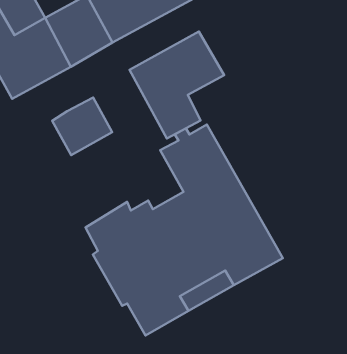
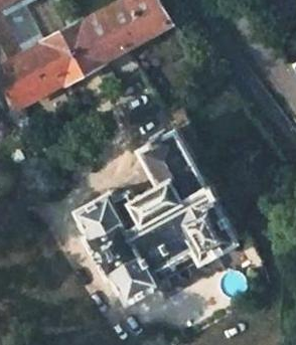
building: [130,32,224,139] -> none
building: [52,98,112,155] -> none

